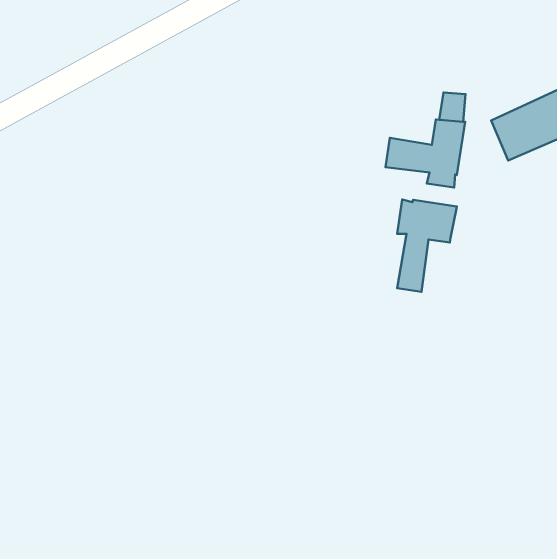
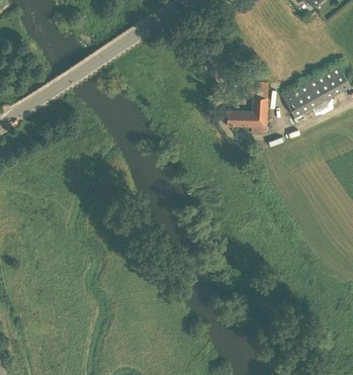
building: [397,200,457,292] -> none

